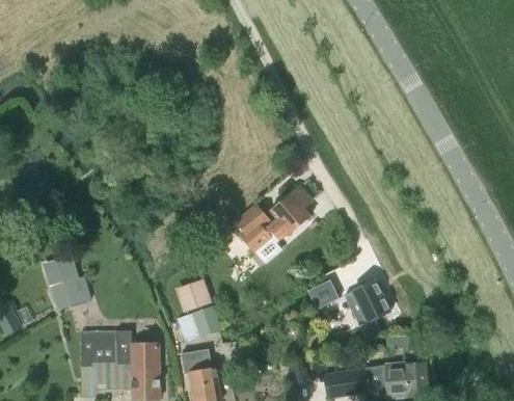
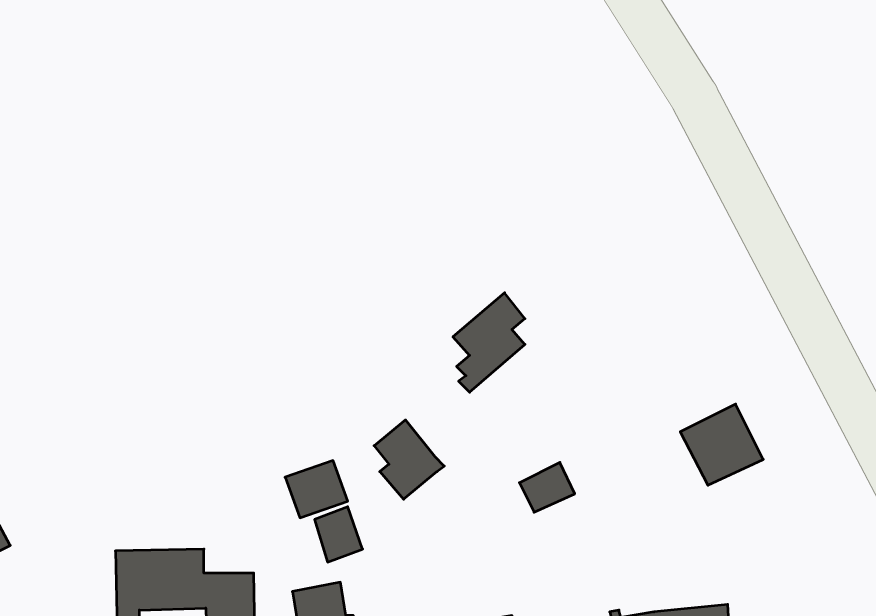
building: [238,206,277,250] -> [374,420,444,499]
building: [44,256,90,308] -> none
building: [344,279,390,325] -> [680,404,763,485]

